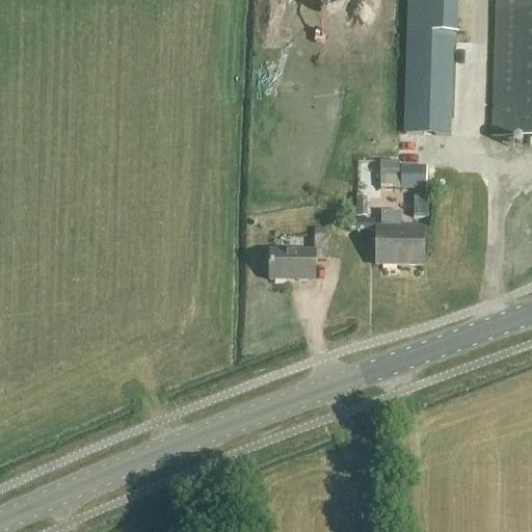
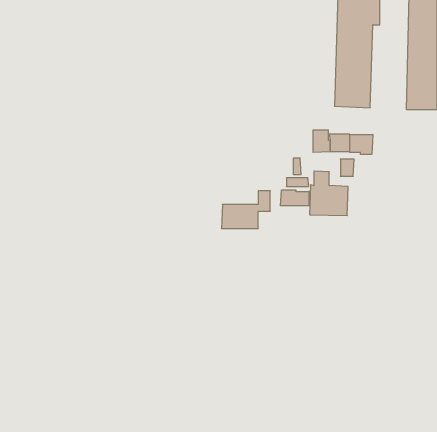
building: none -> [350,134,373,154]
building: none -> [280,190,309,206]

